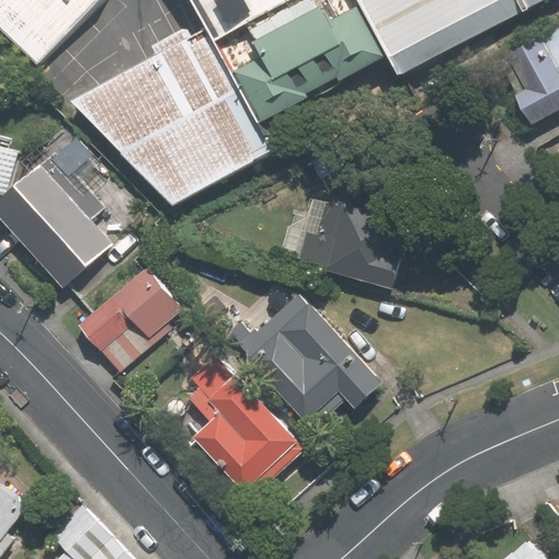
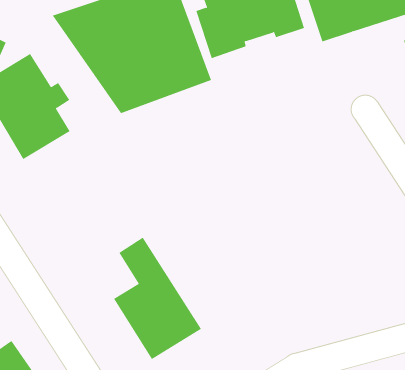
building: [282,194,415,284] -> none
building: [80,264,184,369] -> none
building: [220,289,377,421] -> none

